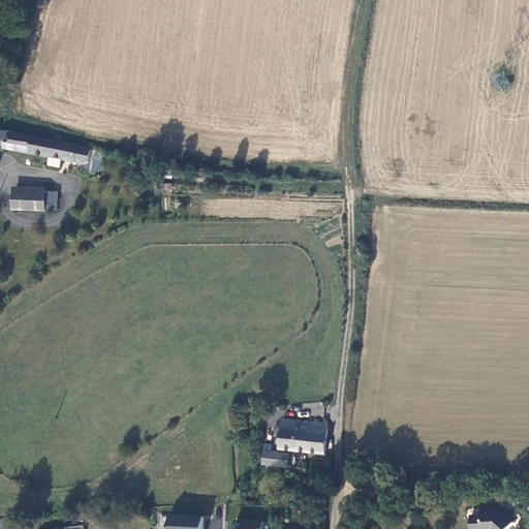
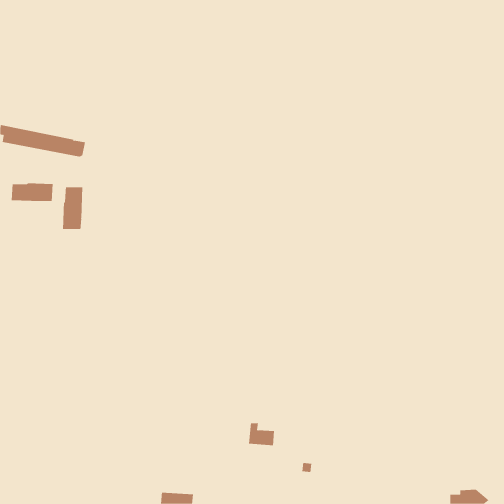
building: none -> [63,187,83,230]
building: [278,418,328,453] -> none

